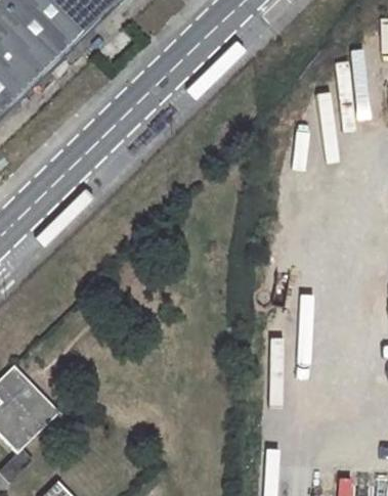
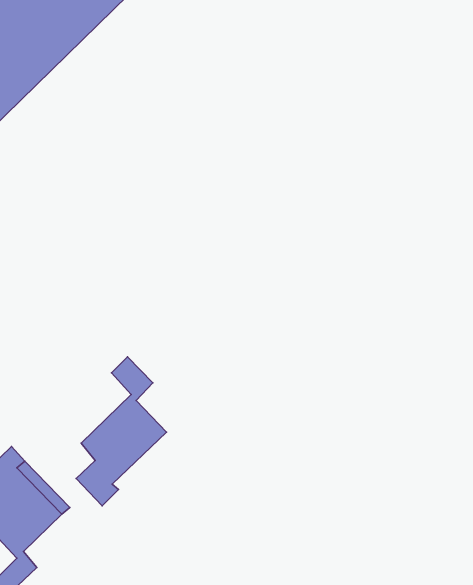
building: none -> [76,357,167,506]

